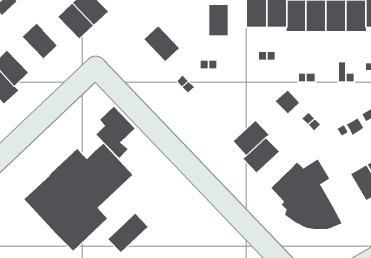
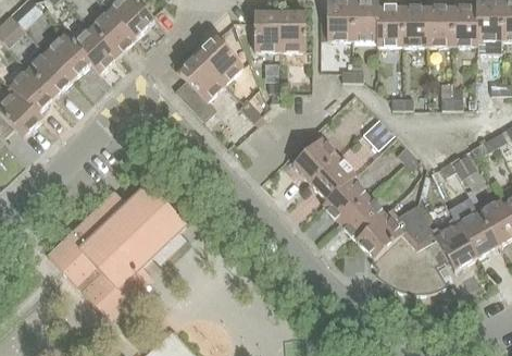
building: none -> [253,11,279,50]
building: none -> [73,26,117,72]
building: none -> [27,51,73,96]
building: none -> [292,137,338,182]
building: [96,106,136,159] -> [175,54,225,121]
building: none -> [339,195,385,241]
building: none -> [420,217,476,270]
building: [108,213,148,253] -> none

